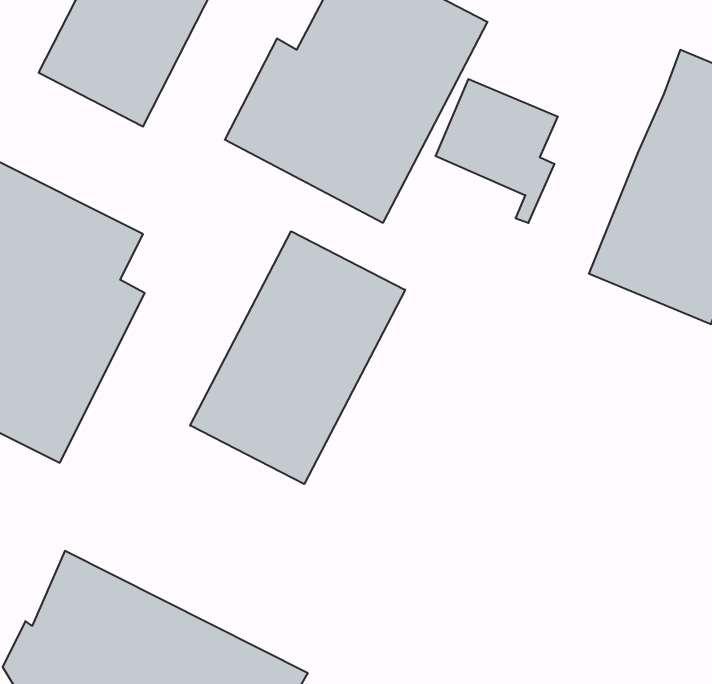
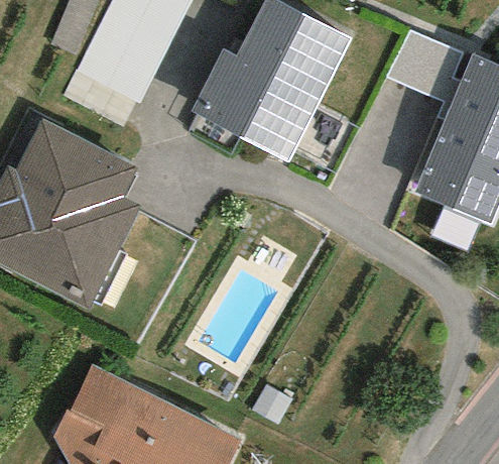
building: [435,79,558,223] -> [388,29,464,118]
building: [190,231,405,484] -> none

